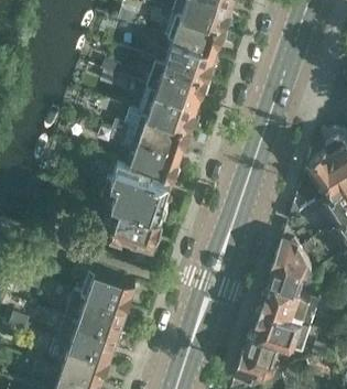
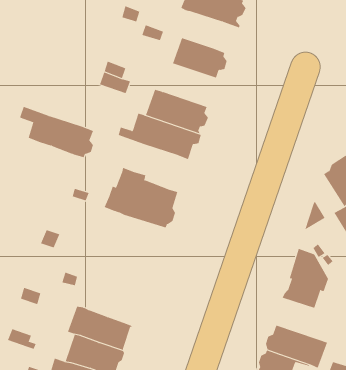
building: [169,14,227,54] -> none
building: [148,62,209,105] -> none
building: [110,131,180,180] -> [19,106,94,158]
building: [98,202,160,245] -> none
building: [82,269,135,310] -> none
building: [261,283,317,325] -> none

